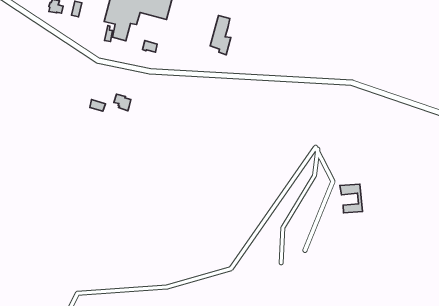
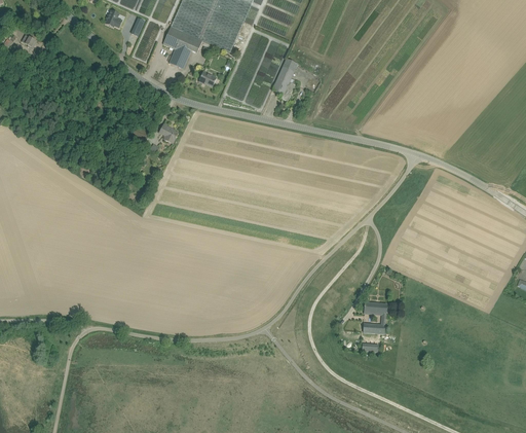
building: [340,184,363,213] -> [363,301,385,333]

